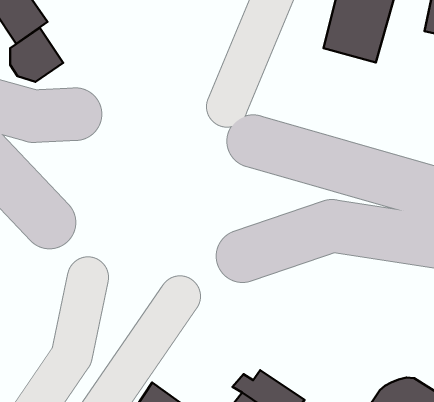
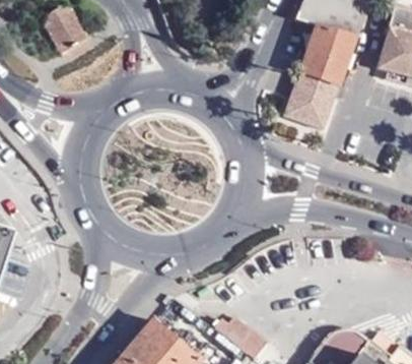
building: [10,28,63,82] -> none
building: none -> [286,73,341,131]

